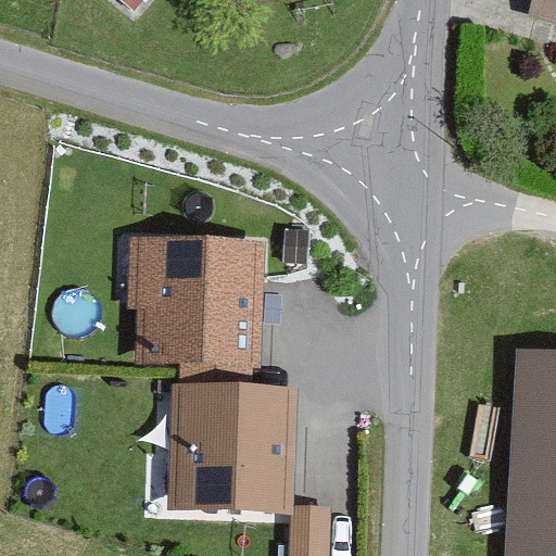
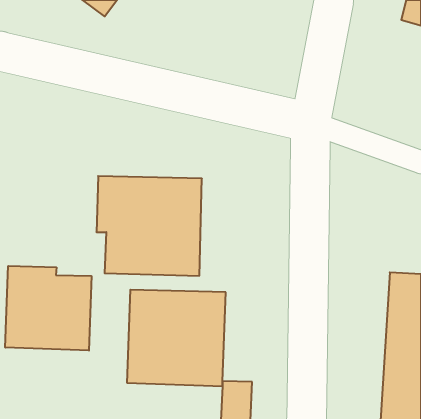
building: none -> [5,266,91,351]

